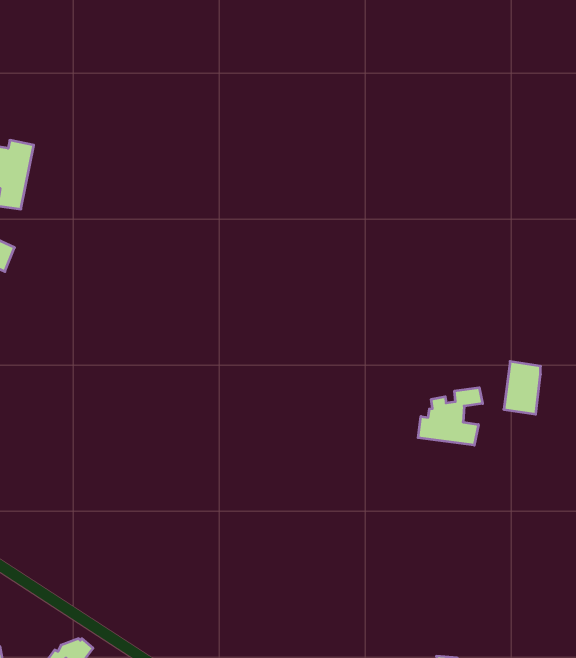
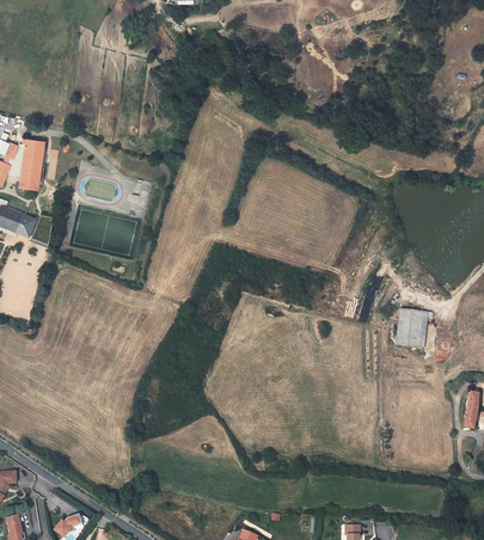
building: [418,388,483,445] -> none

